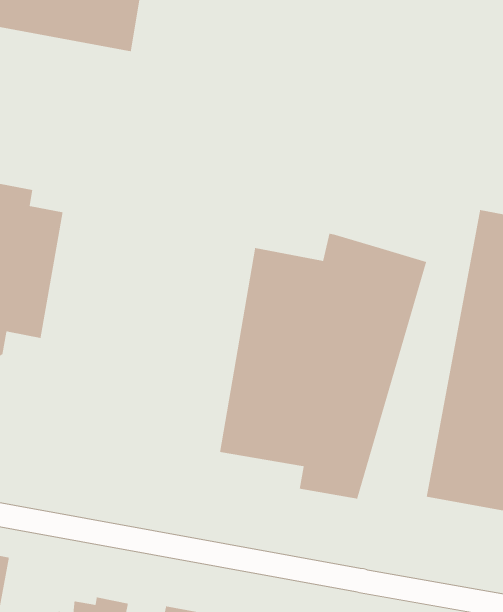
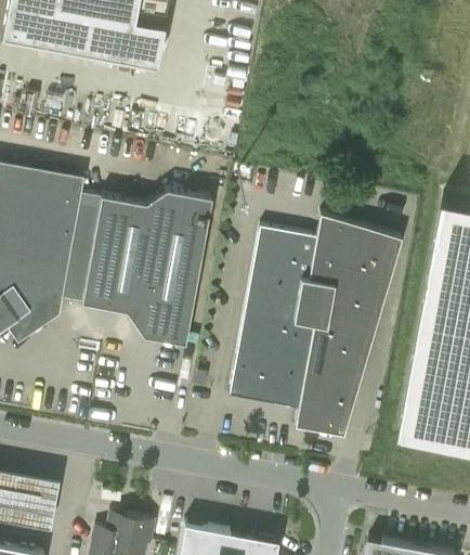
building: none -> [80,191,211,346]

